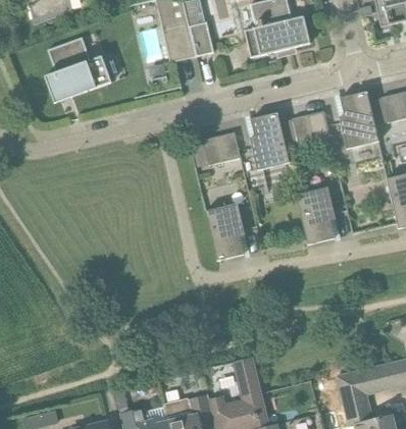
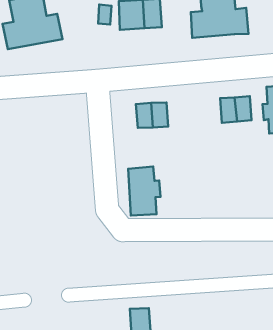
building: [250,112,290,168] -> none
building: [296,186,337,244] -> none

